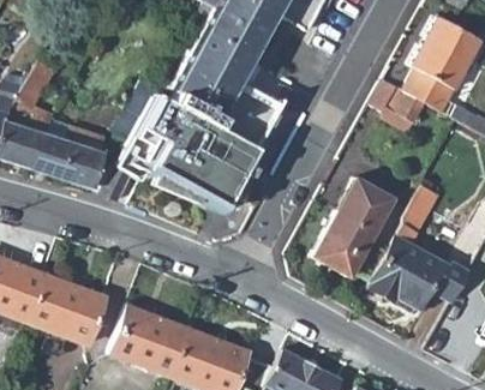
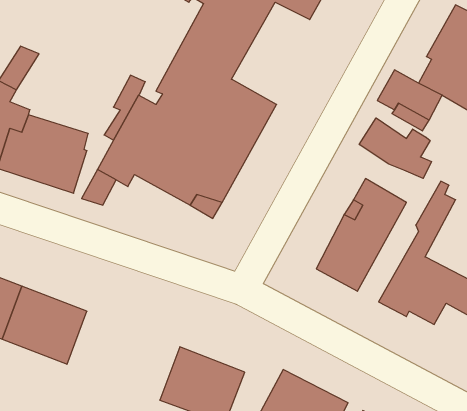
building: none -> [359,118,431,178]
building: [113,307,191,377] -> none

